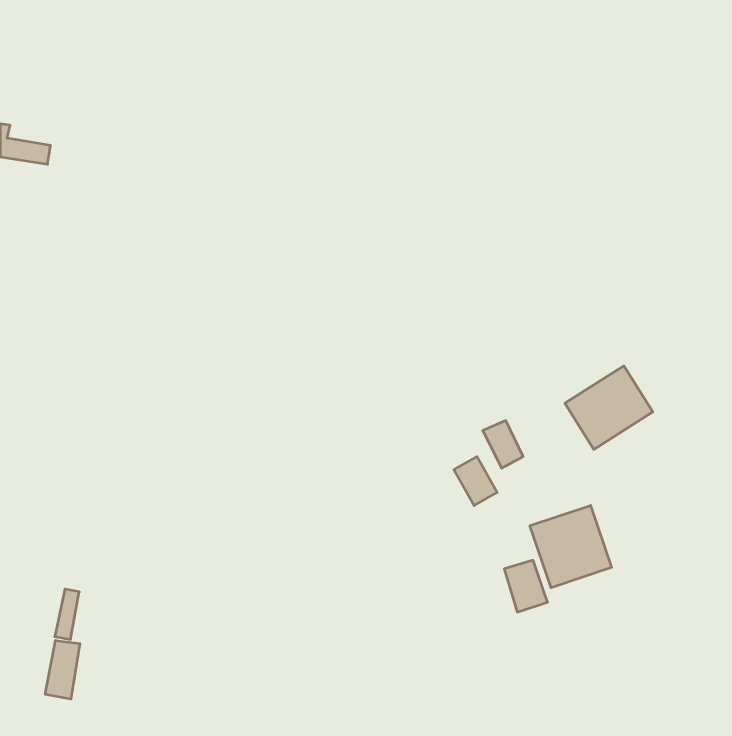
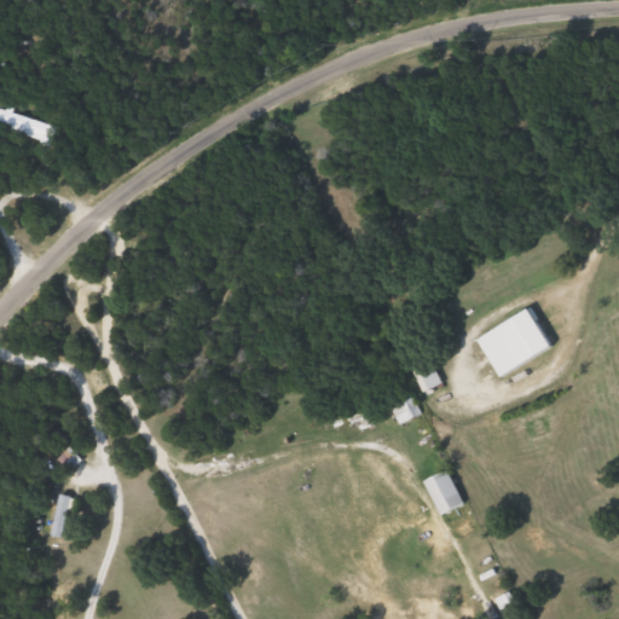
building: [530,505,612,588] -> none
building: [45,640,80,699] -> none

